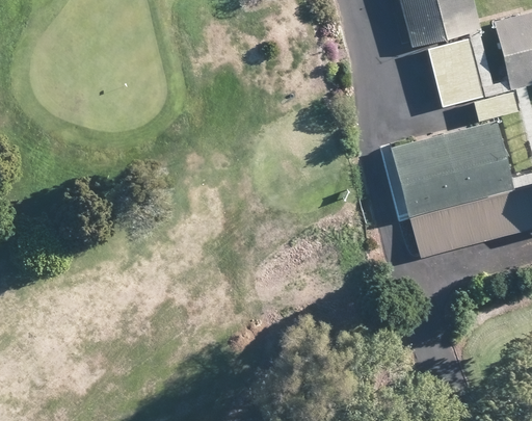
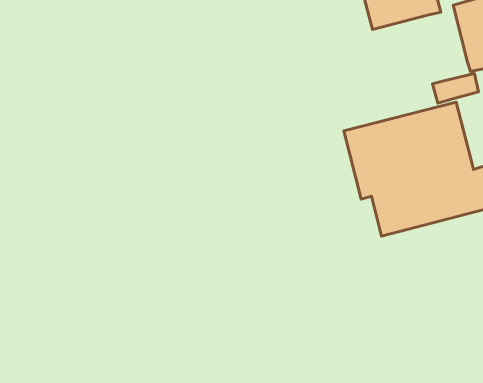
building: [427,36,484,106] -> none

